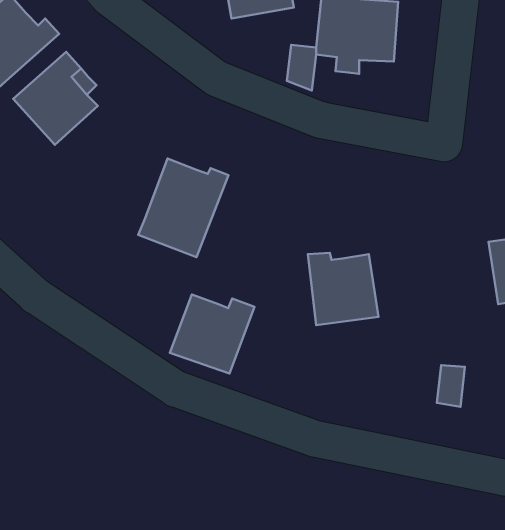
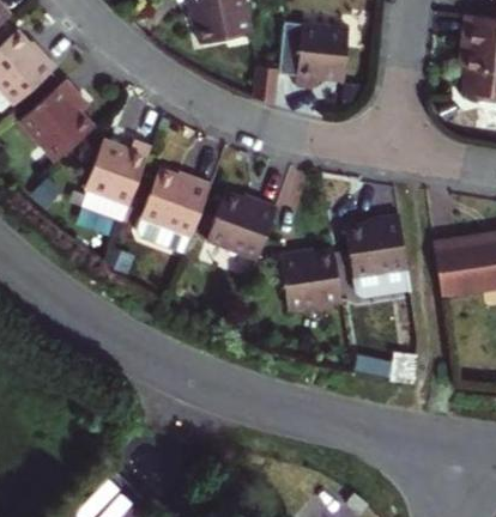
building: none -> [78,154,144,220]
building: none -> [344,214,406,299]
building: [170,294,254,373] -> [201,191,274,260]

